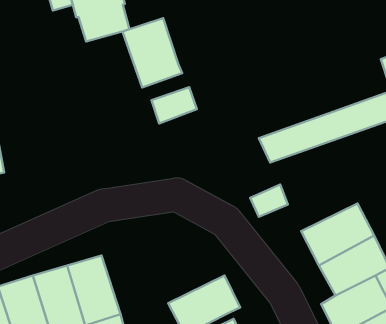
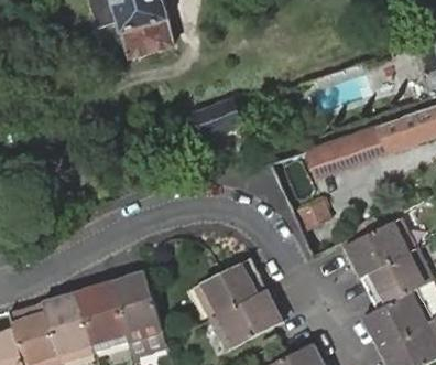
building: [123,18,182,88] -> none
building: none -> [196,259,268,318]

